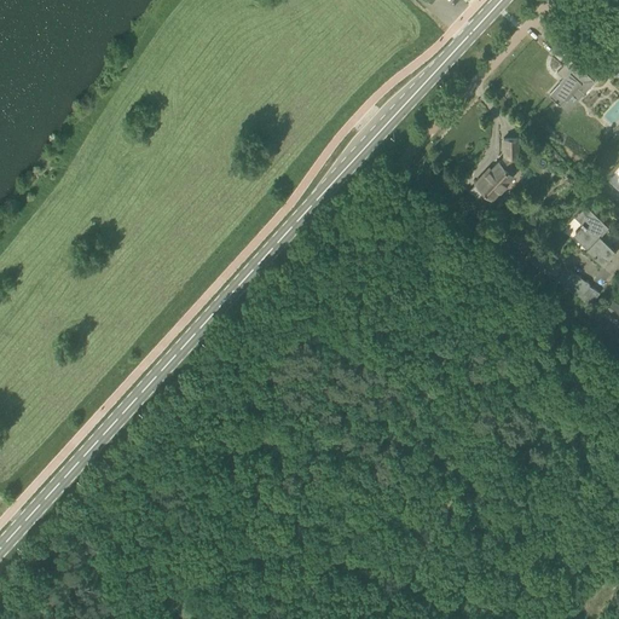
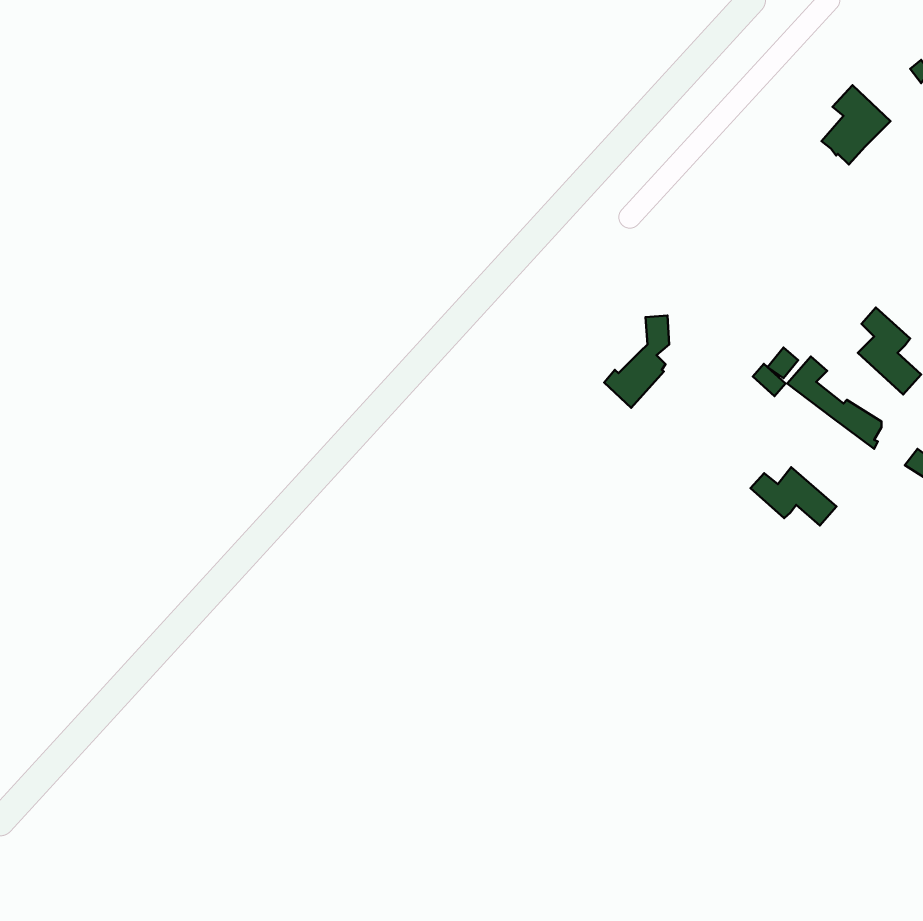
building: [476,140,520,202] -> [604,315,669,408]
building: none -> [751,467,836,525]

